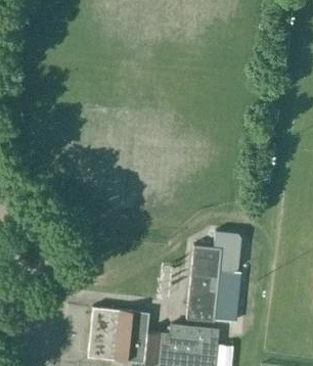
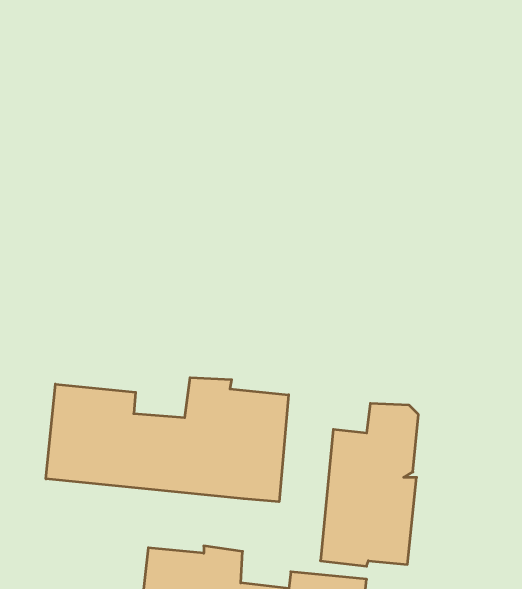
building: none -> [46,378,289,502]

